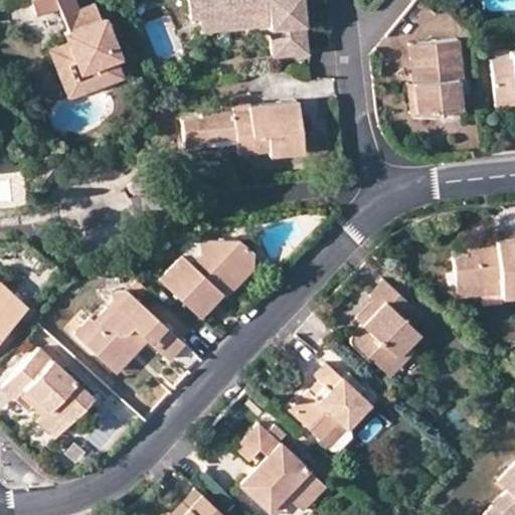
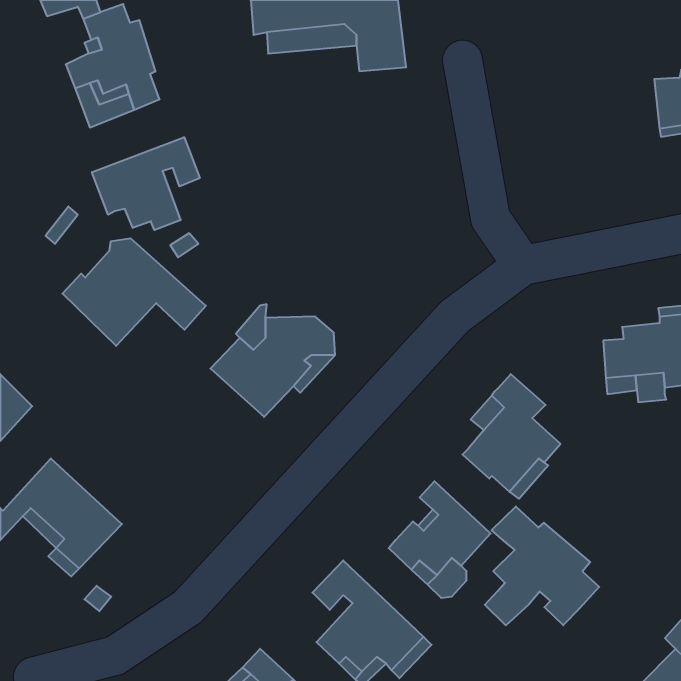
building: [411,41,463,112] -> none
building: [184,102,304,155] -> none
building: none -> [92,137,200,230]
building: [77,293,185,373] -> [62,239,206,346]
building: none -> [485,506,599,625]

